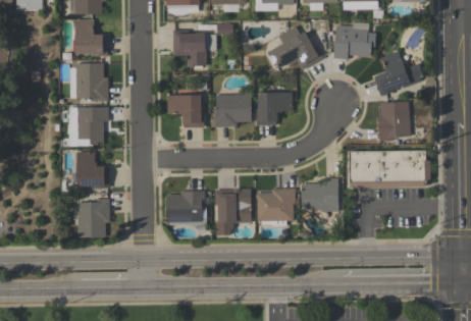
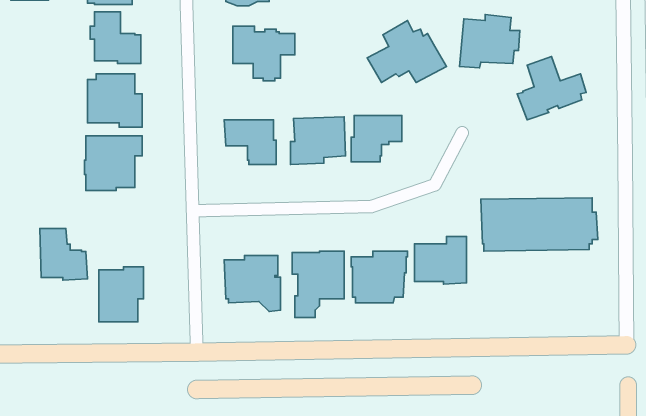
building: [377,101,410,141] -> none
building: [75,151,109,188] -> [40,228,87,280]

